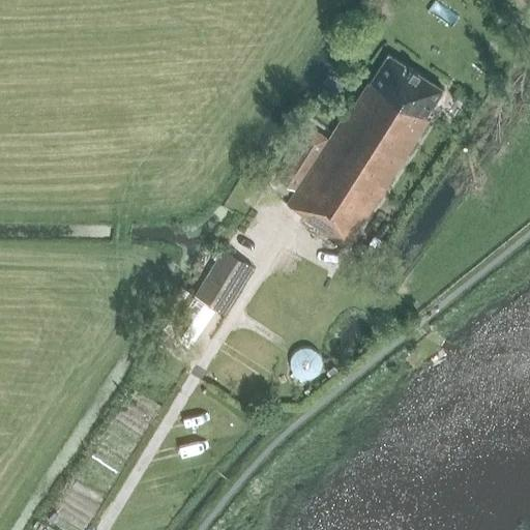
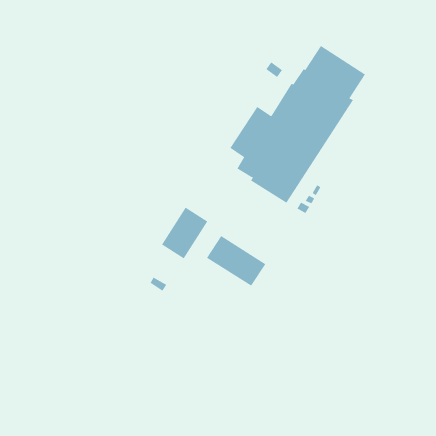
building: none -> [206,235,266,287]

